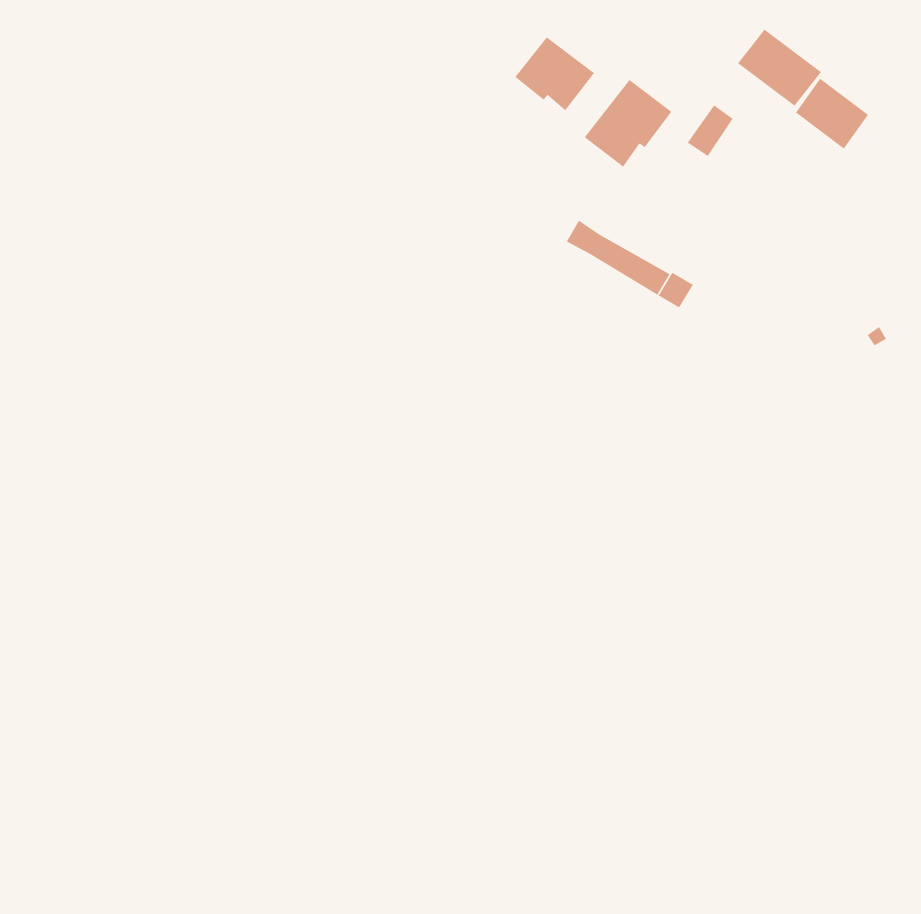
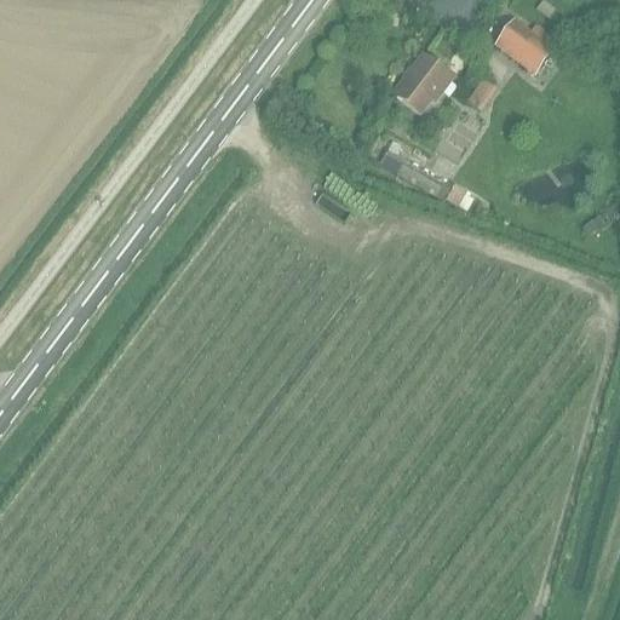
building: [514,36,595,111] -> none
building: [795,78,869,149] -> none

